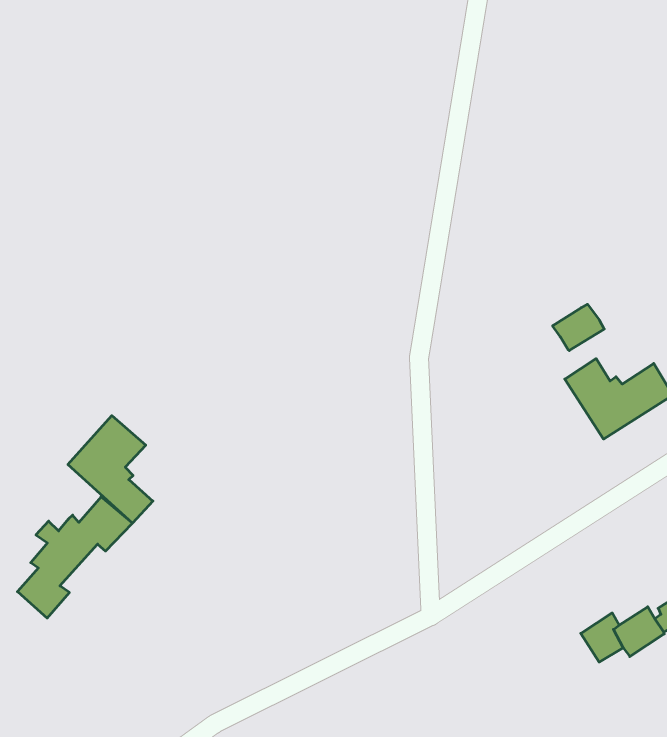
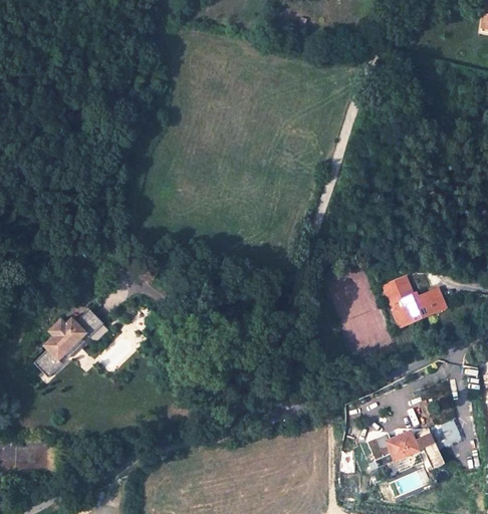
building: [553,304,604,351] -> none
building: [68,416,153,523] -> none

